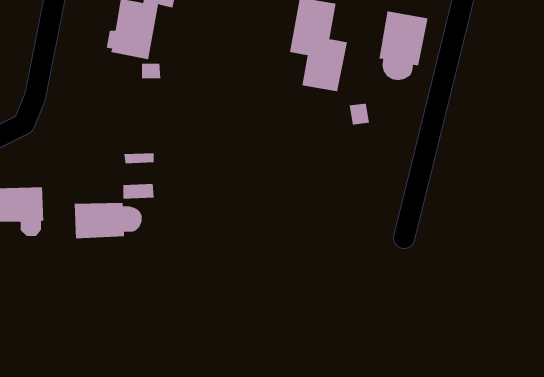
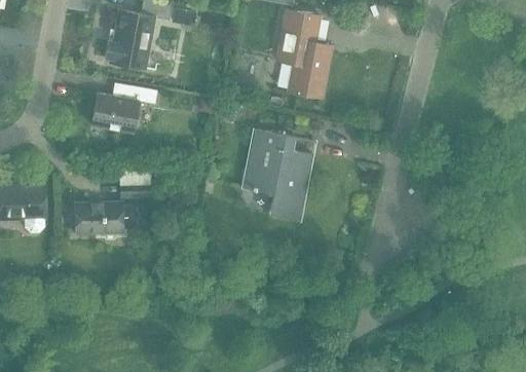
building: [379,10,428,81] -> none
building: none -> [90,85,155,132]
building: none -> [242,129,313,222]

